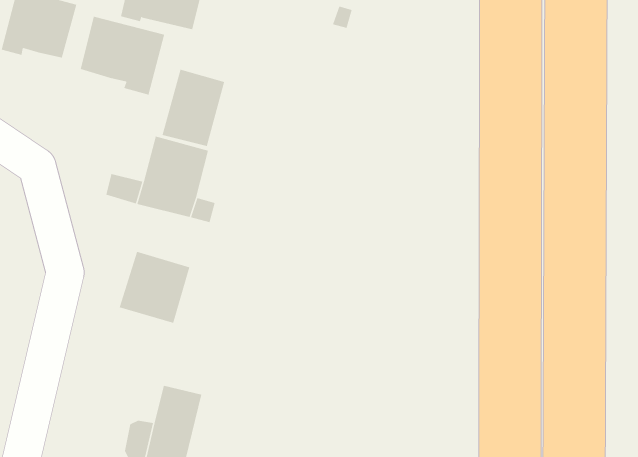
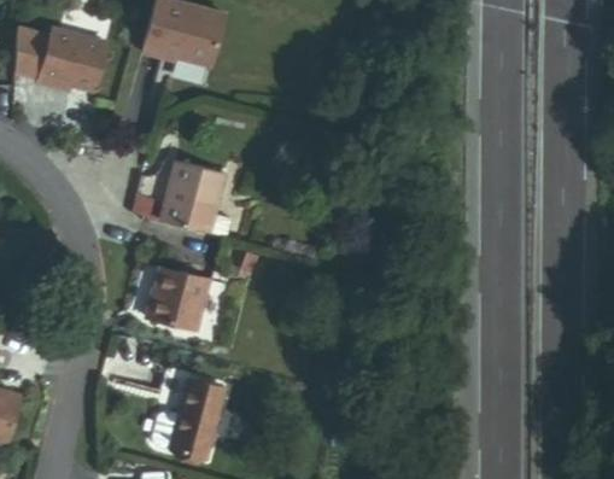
building: [80,16,165,95] -> none
building: [162,69,225,147] -> none

